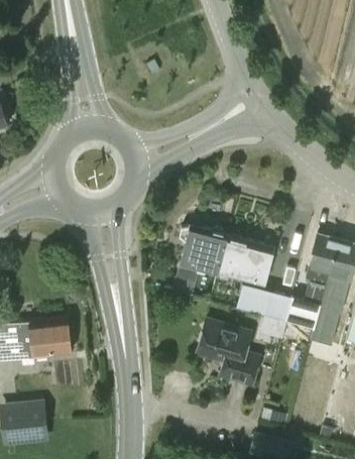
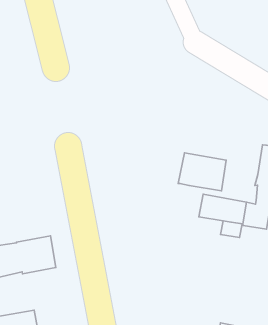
building: [171,225,227,298] -> none
building: [196,320,259,386] -> none

